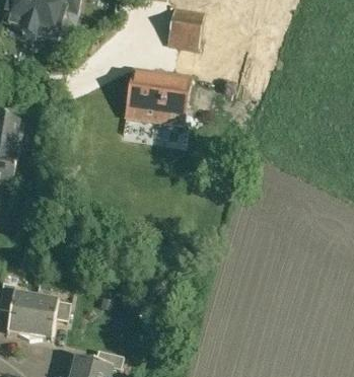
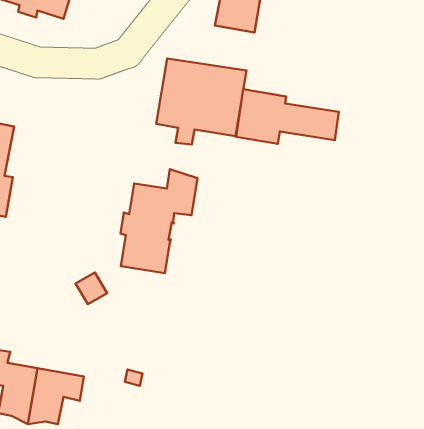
building: none -> [236,89,339,144]
building: none -> [120,169,198,273]

